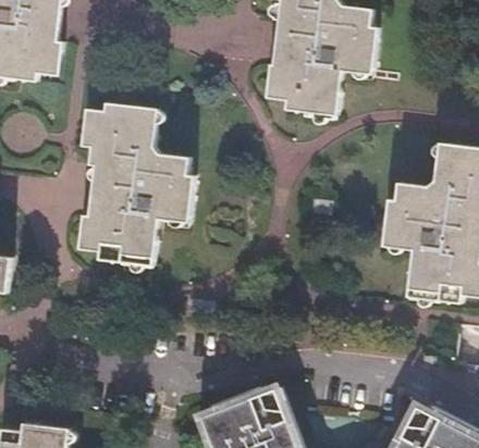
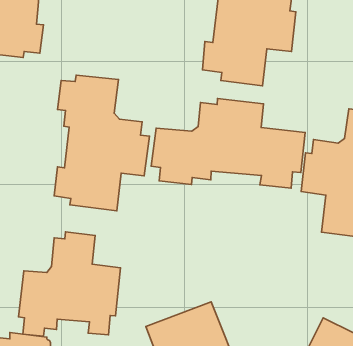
building: none -> [151,98,305,188]
building: none -> [18,232,120,336]

